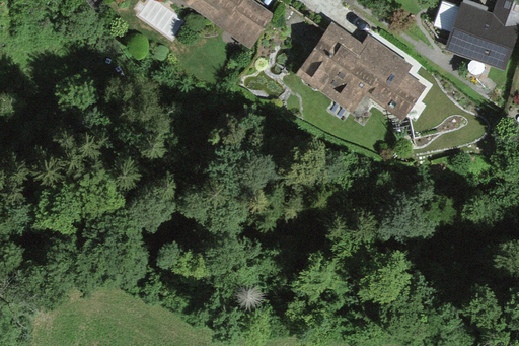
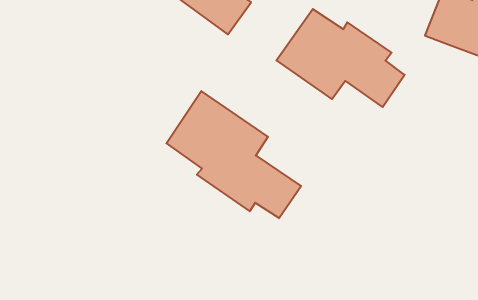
building: none -> [166,91,301,218]

